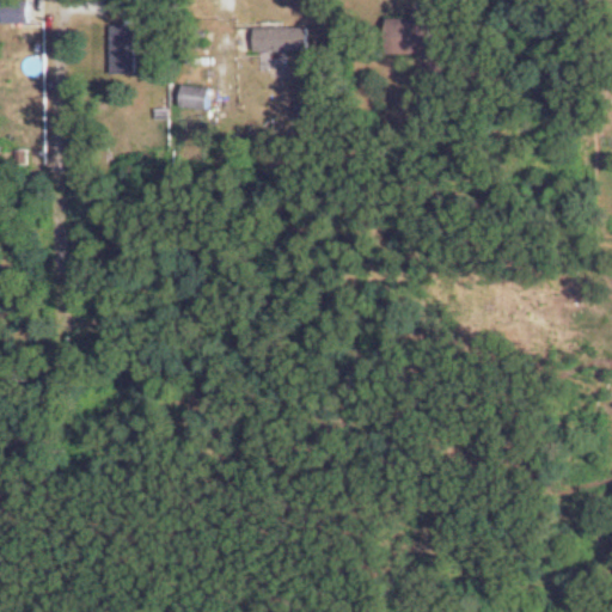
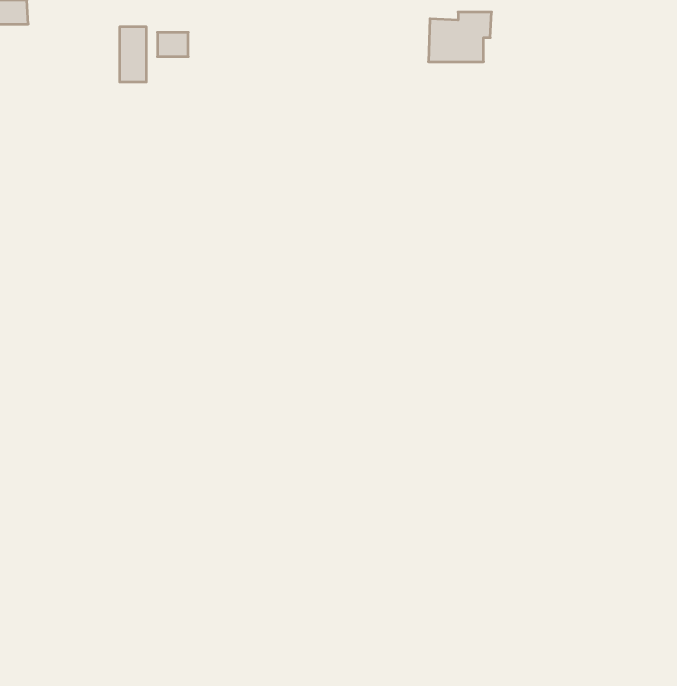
building: [251,27,304,50] -> none
building: [177,86,204,108] -> [157,32,188,57]

